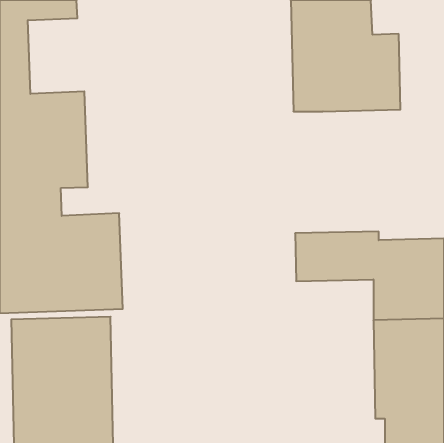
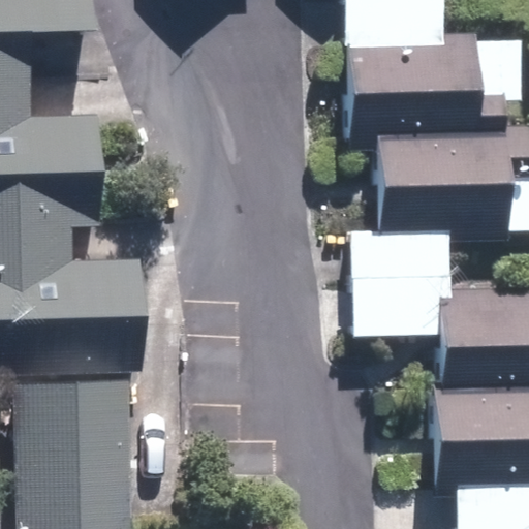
building: none -> [349,132,507,279]

